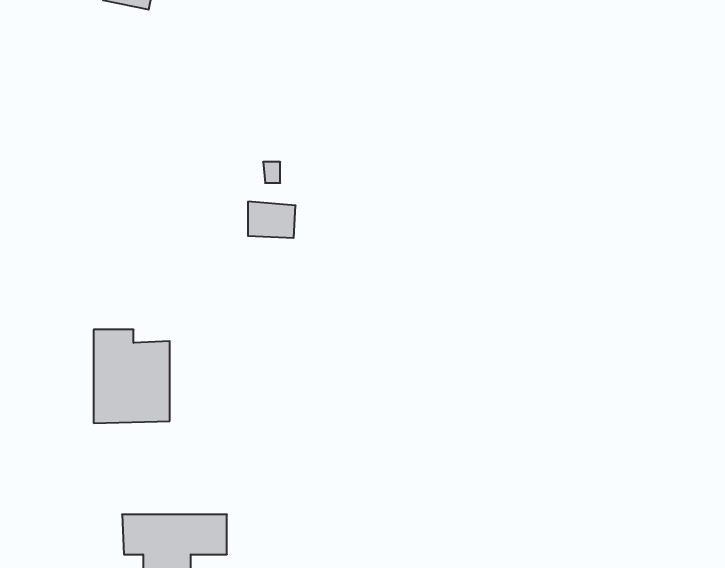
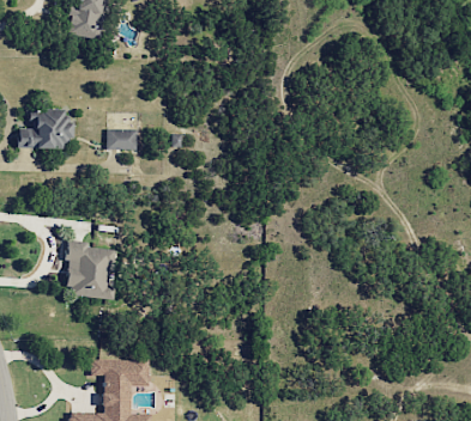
building: none -> [18,108,74,150]
building: [248,202,296,238] -> [108,128,138,151]

